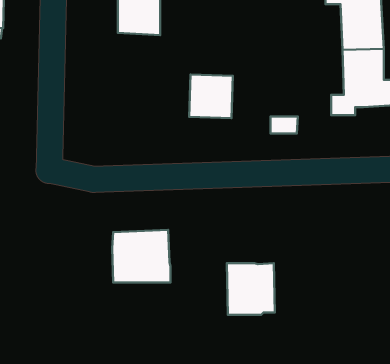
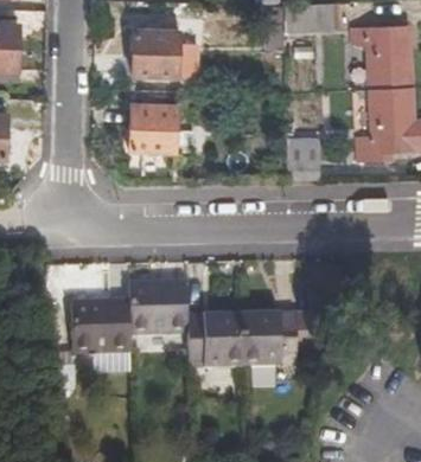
building: [189,75,233,118] -> [133,105,178,150]
building: none -> [72,297,132,353]
building: none -> [190,313,249,366]

